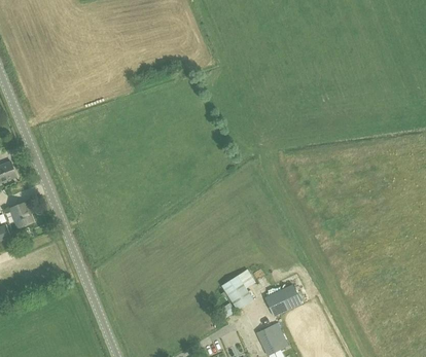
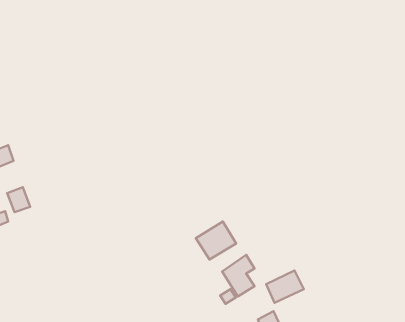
building: none -> [196,221,236,260]

